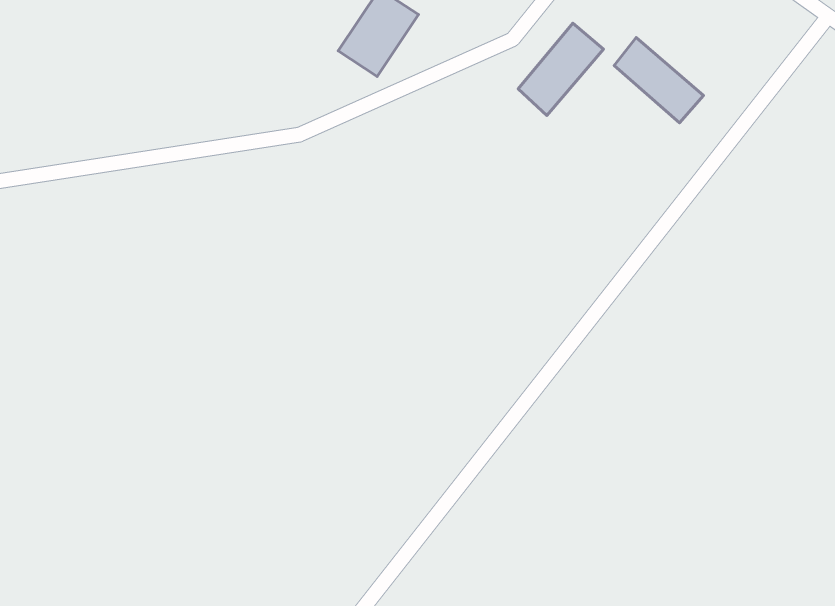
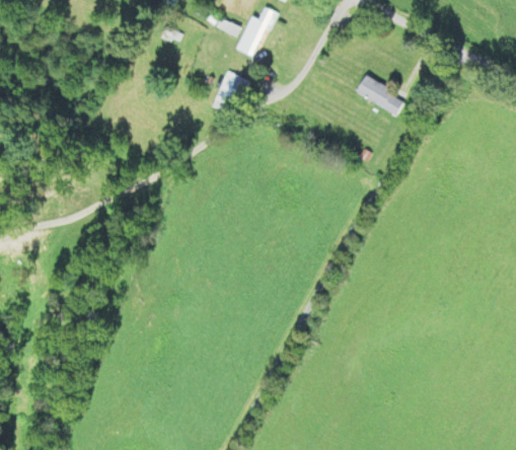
building: [518,23,604,115] -> none

